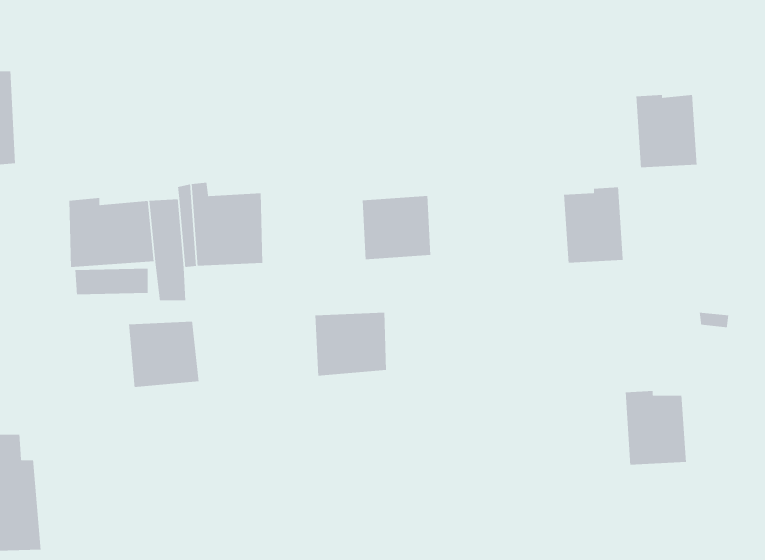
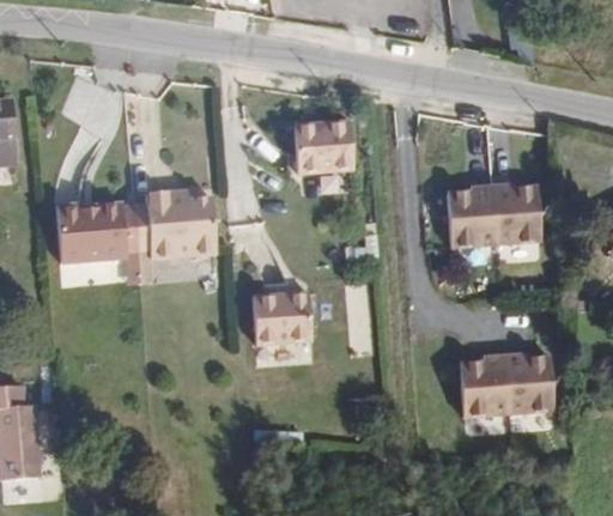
building: [636,94,697,168] -> [494,189,544,248]
building: [362,195,431,260] -> [292,119,347,170]
building: [128,321,199,388] -> none
building: none -> [456,353,503,415]

